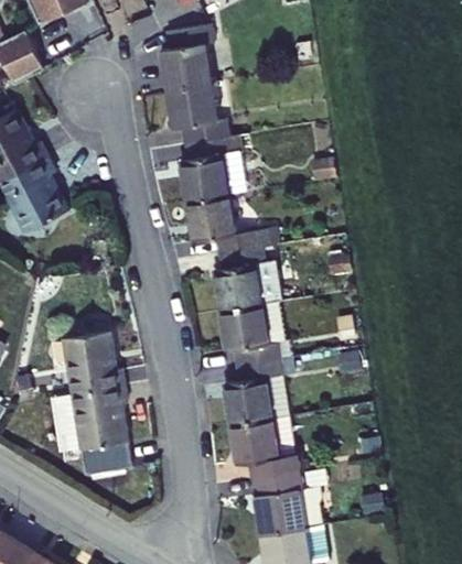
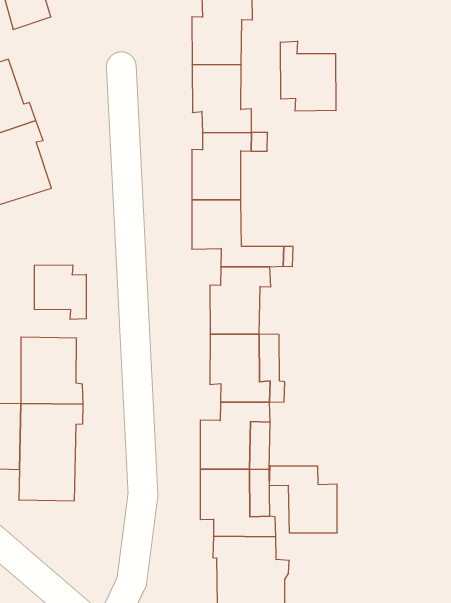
building: none -> [280,41,336,111]
building: none -> [34,265,86,319]
building: none -> [269,466,337,533]

